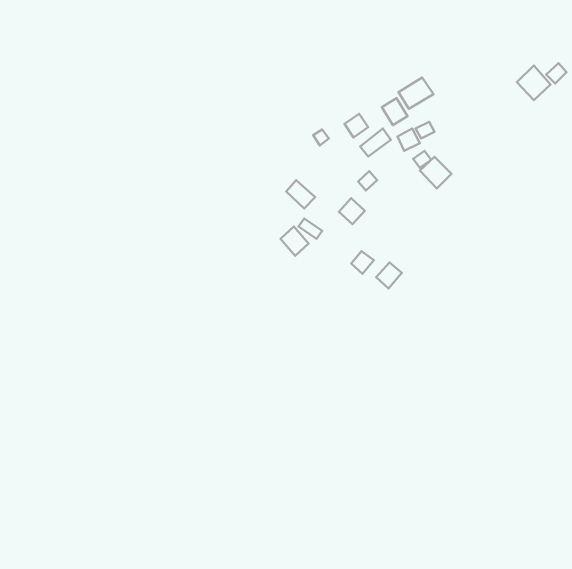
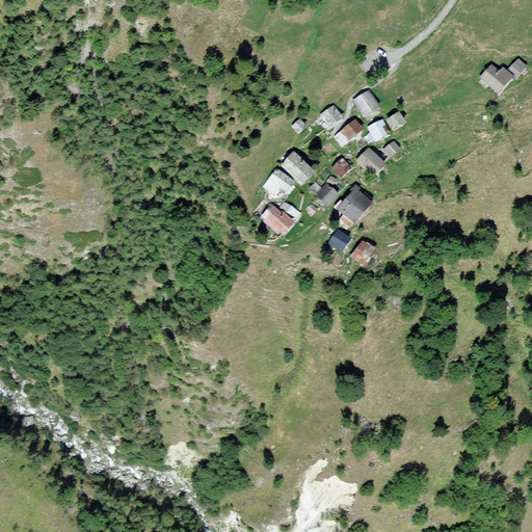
building: [399,78,433,109] -> none
building: [420,157,451,188] -> [356,147,385,176]
building: none -> [280,152,312,185]
building: none -> [338,190,369,222]

